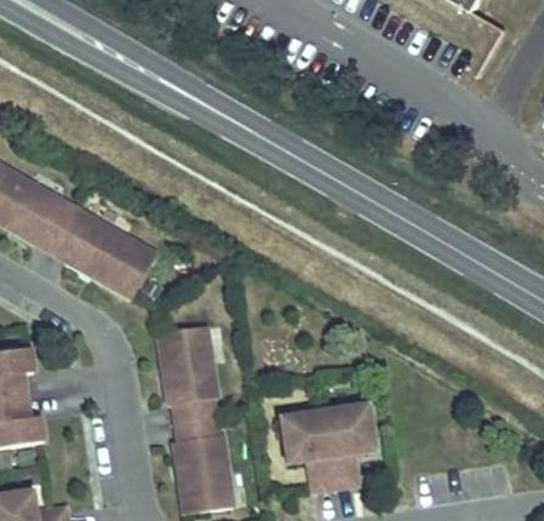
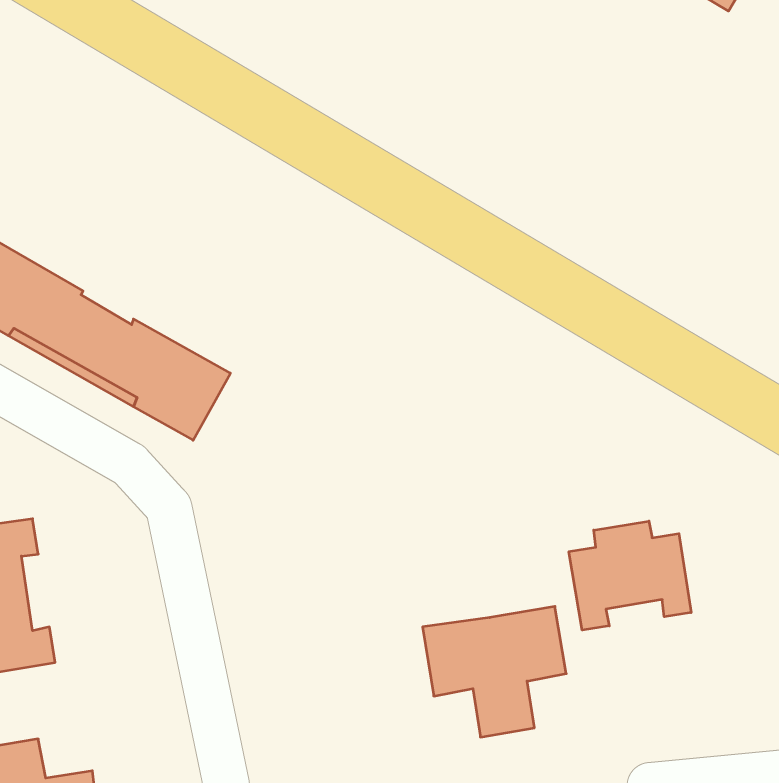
building: [158,325,231,513] -> none
building: none -> [569,521,691,630]

